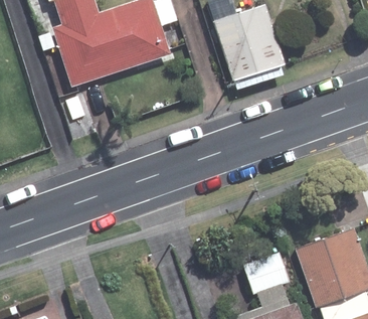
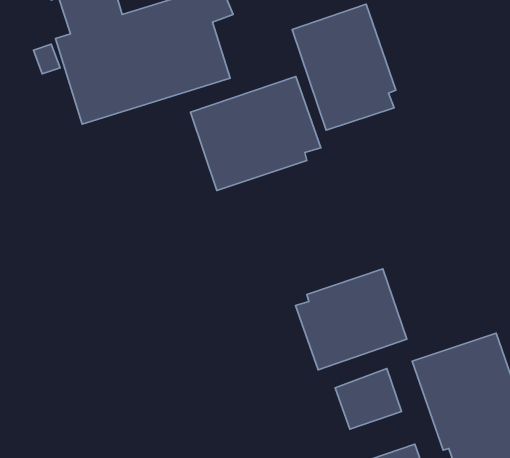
building: none -> [190,77,321,191]
building: none -> [295,269,407,370]

